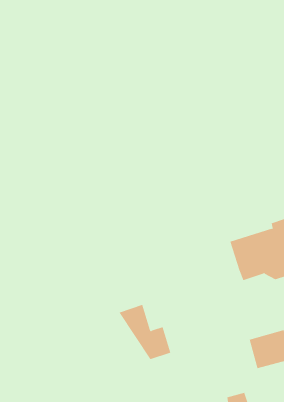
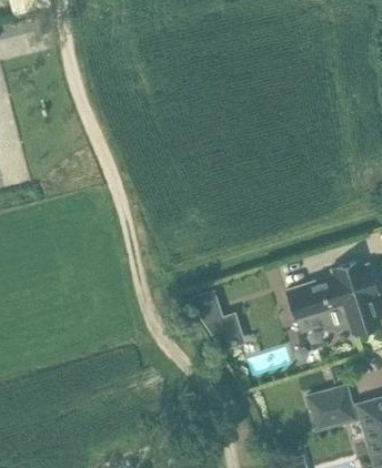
building: [119,304,171,360] -> [185,288,243,349]

